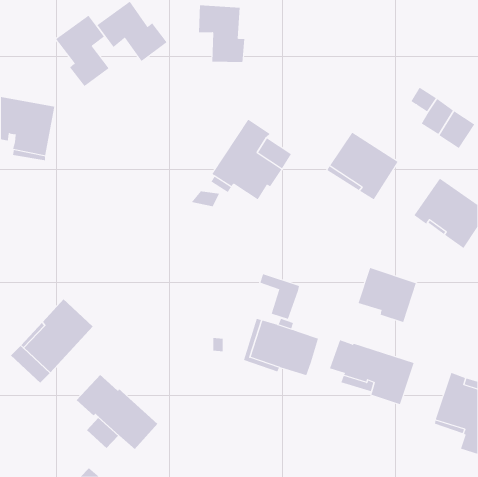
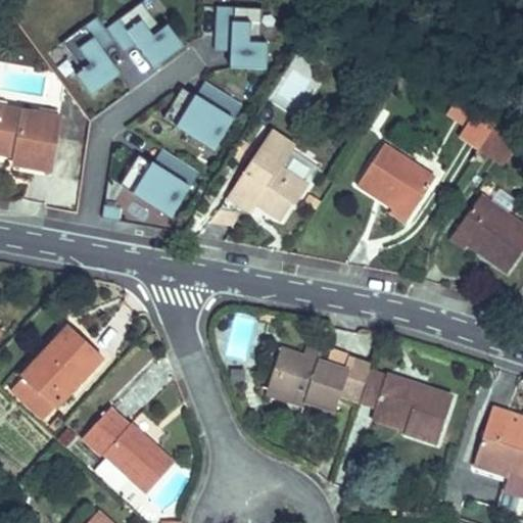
building: none -> [163,82,244,150]
building: none -> [120,154,198,210]
building: [358,267,417,323] -> none
building: [260,274,300,319] -> [328,352,372,402]

